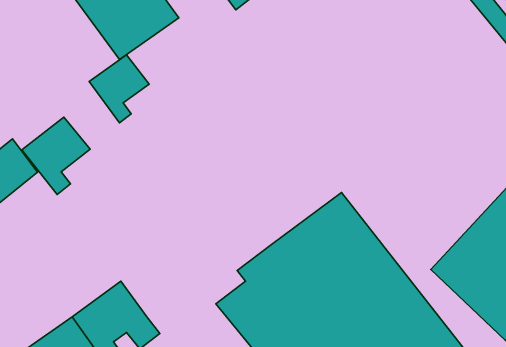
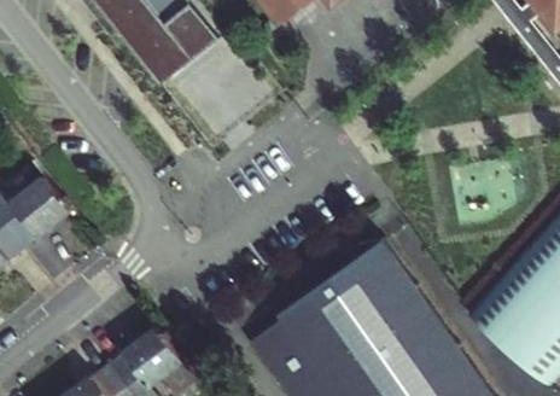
building: [89,55,149,123] -> none
building: [22,117,90,195] -> none

